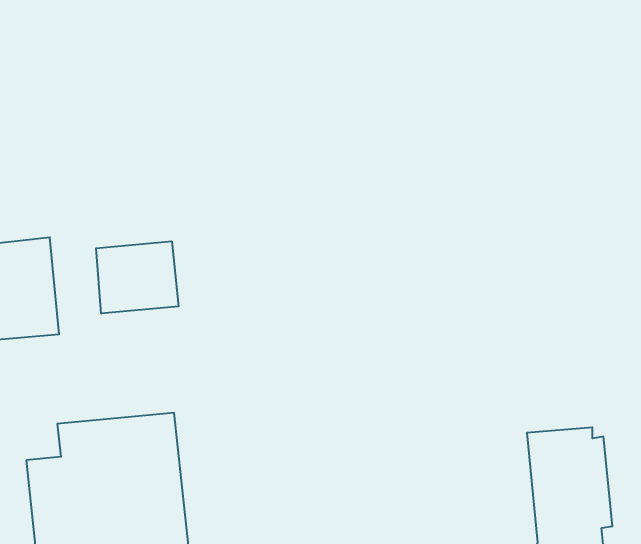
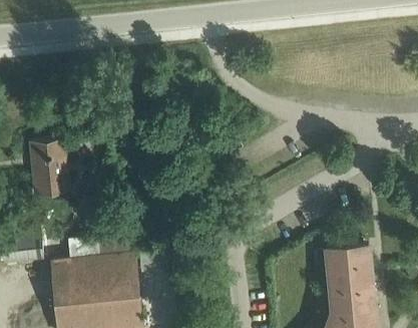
building: [96,241,179,314] -> none

